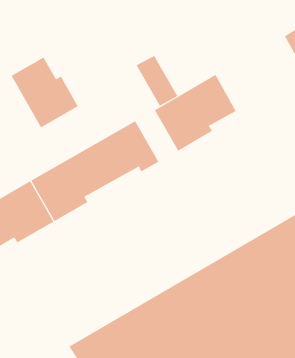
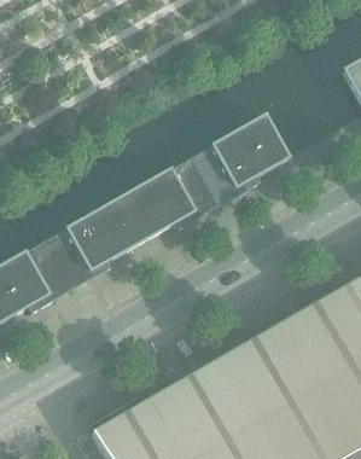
building: [136,55,178,107] -> [171,155,221,215]
building: [11,56,78,128] -> none

